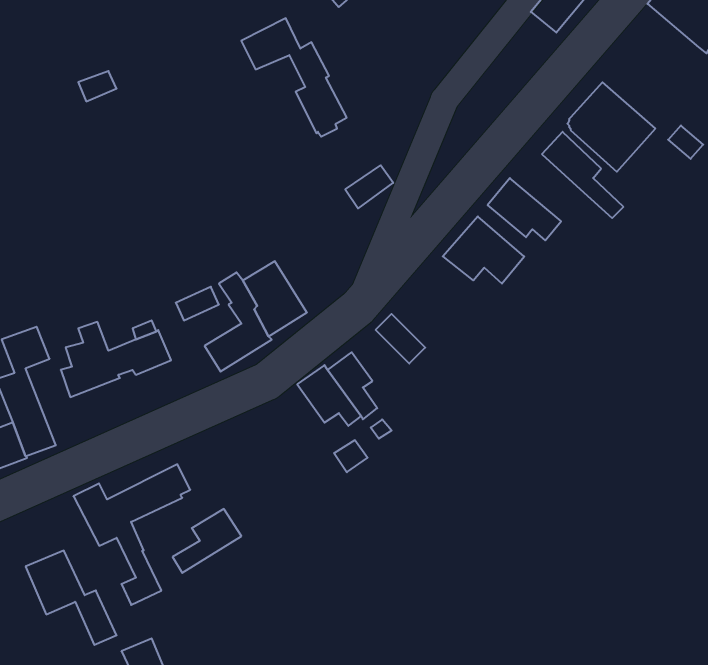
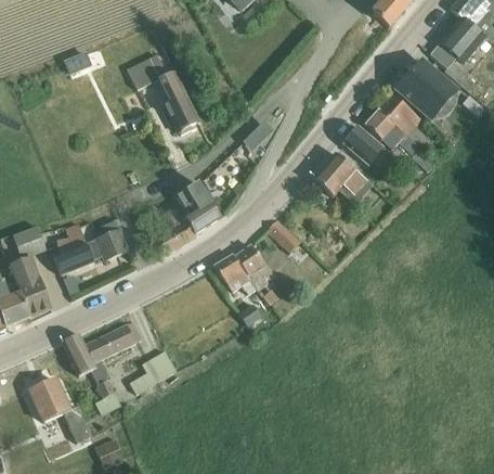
building: none -> [430,15,486,67]
building: [241,18,347,137] -> [127,54,198,134]
building: none -> [365,110,433,171]

